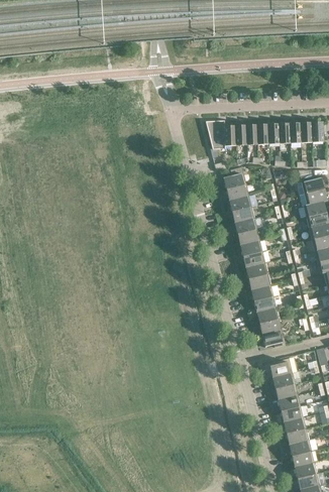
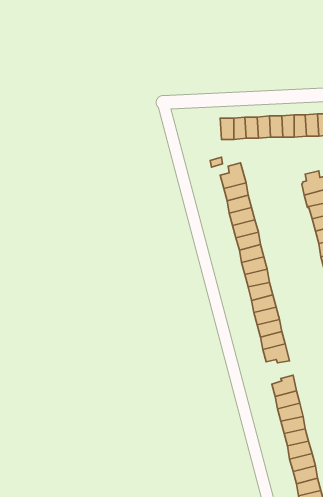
building: [205,119,225,148] -> none

